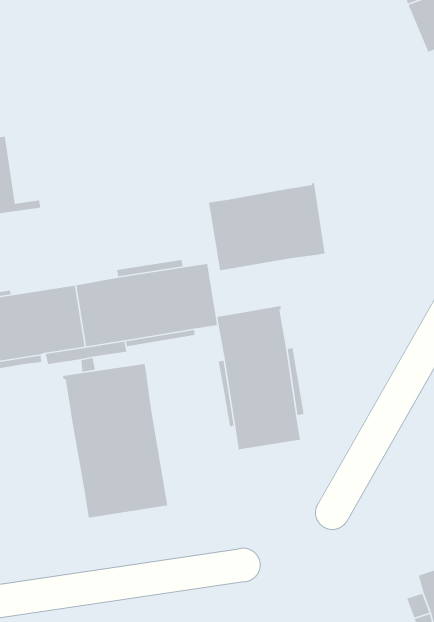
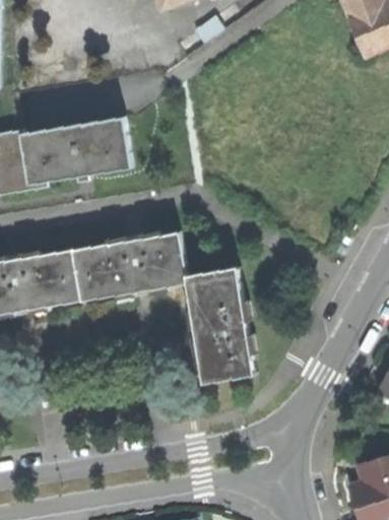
building: none -> [23,115,136,181]
building: [208,182,326,271] -> none
building: [62,363,168,519] -> none

